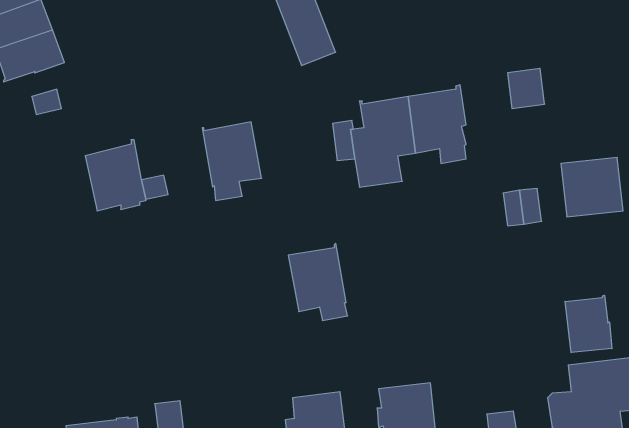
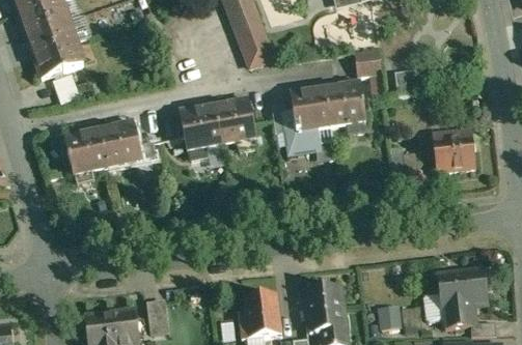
building: none -> [355,48,382,76]
building: none -> [63,128,107,183]
building: [288,243,348,320] -> [215,96,256,150]
building: [565,295,612,353] -> none

